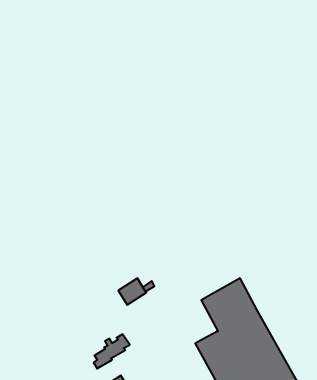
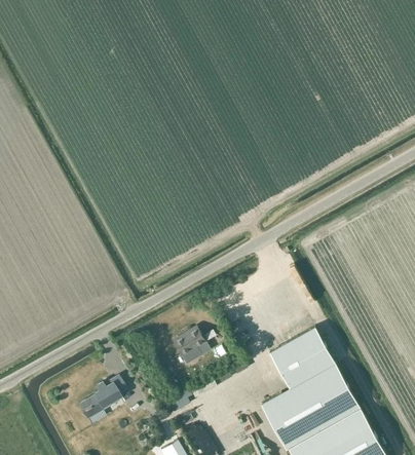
building: [94,334,130,369] -> [83,378,125,418]

